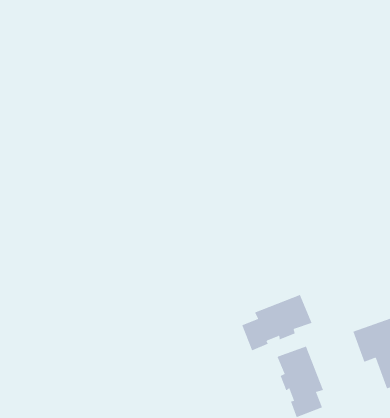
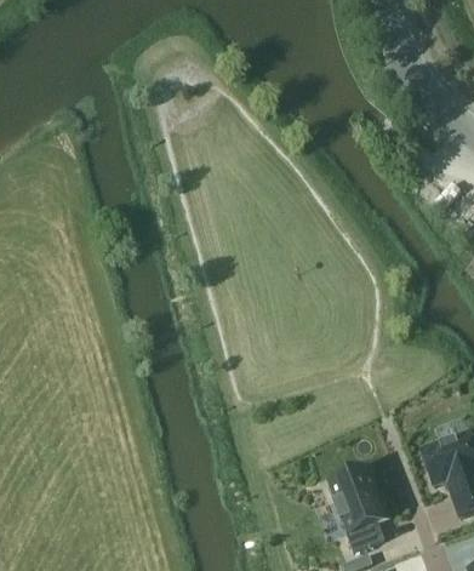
building: [241,294,312,351] -> none

